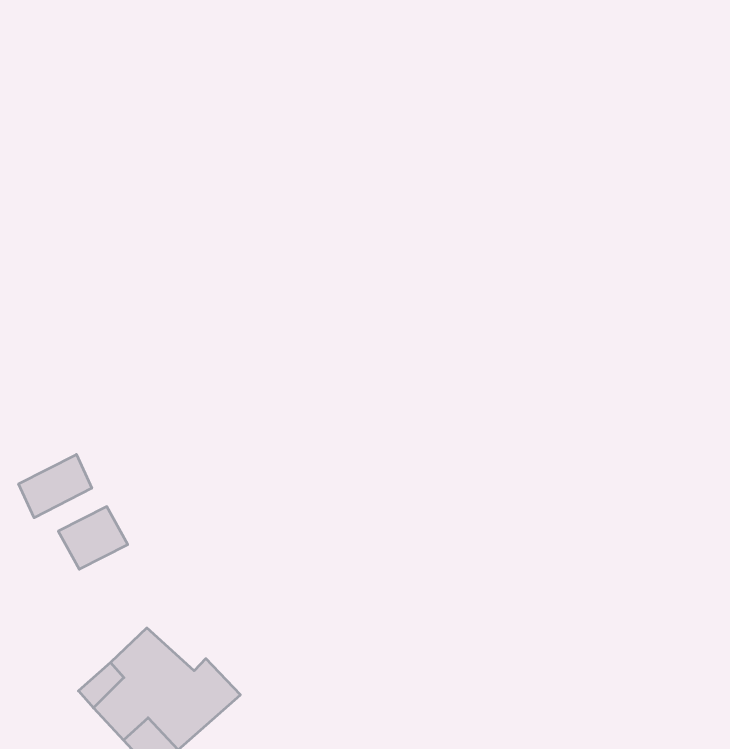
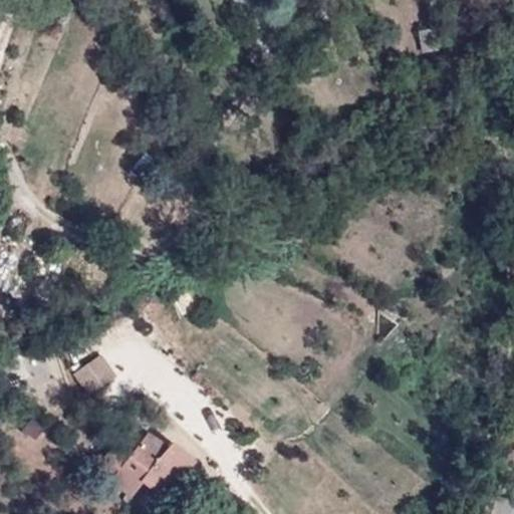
building: [19,454,92,518] -> none

